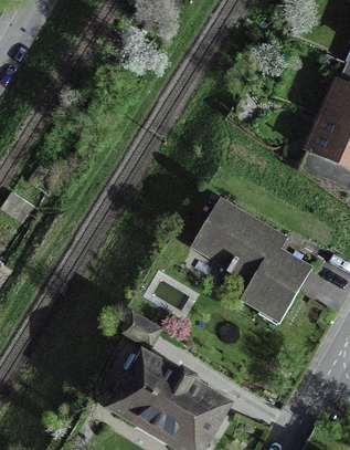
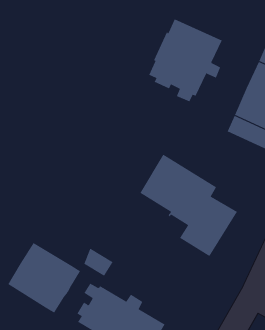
building: none -> [148,18,223,102]
building: none -> [8,242,81,314]

